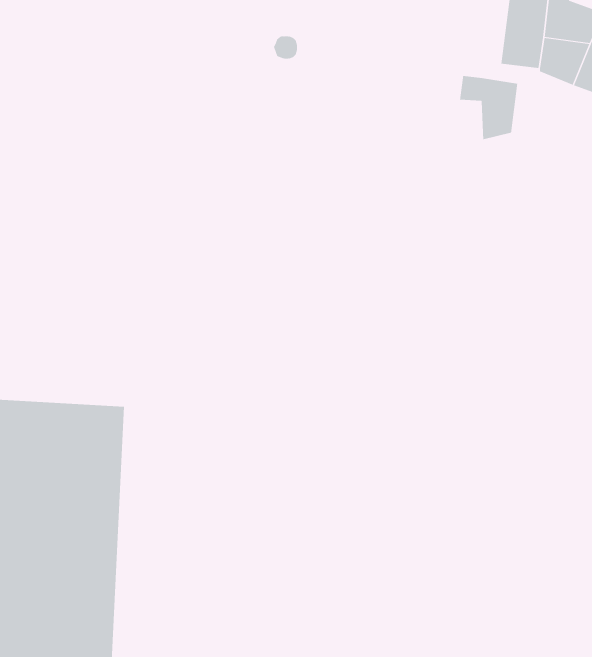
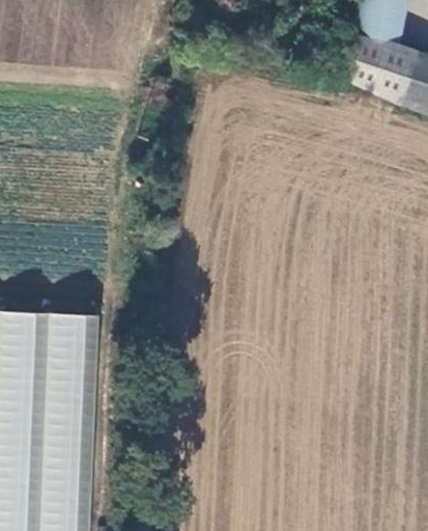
building: [460,75,518,140] -> none

